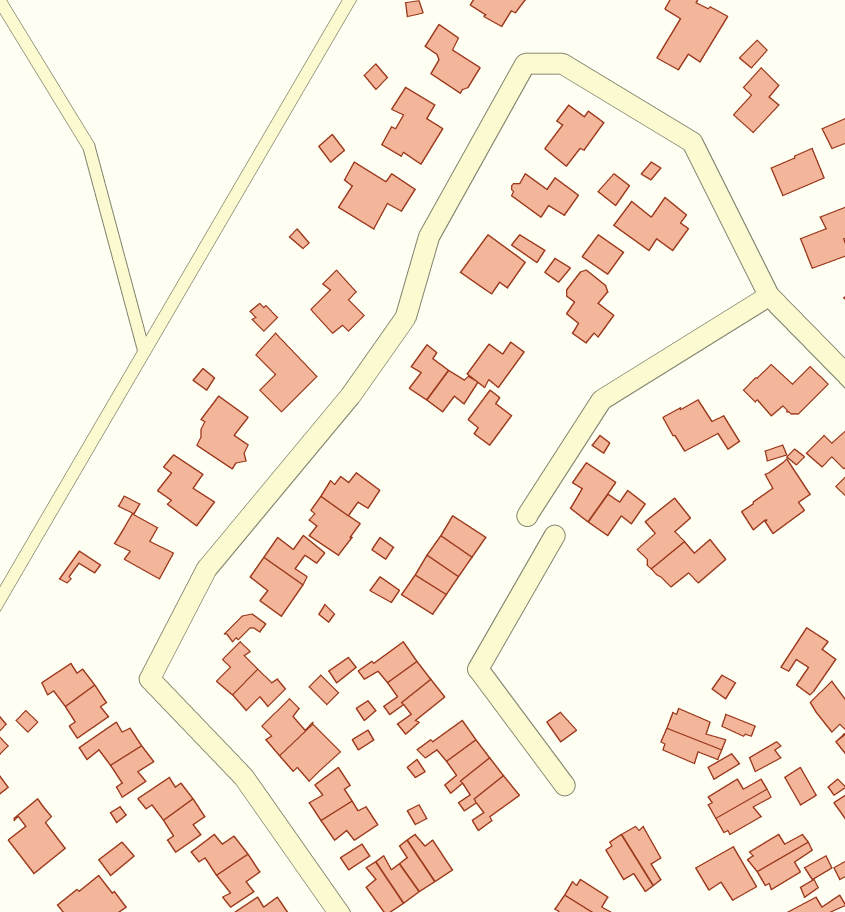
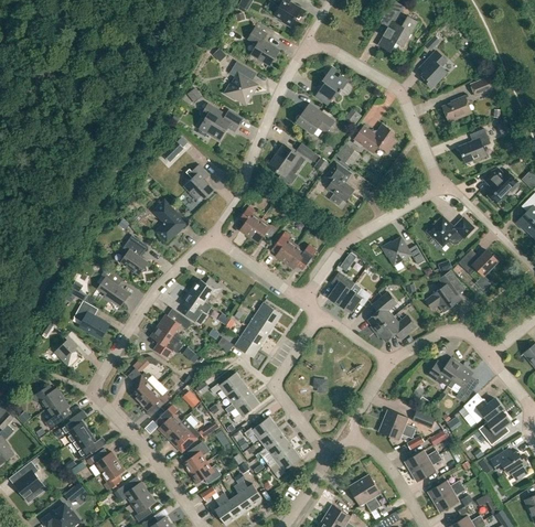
building: [467,342,524,387] -> [283,244,315,269]
building: none -> [54,332,79,365]
building: none -> [427,356,461,386]
building: [696,847,756,900] -> none

